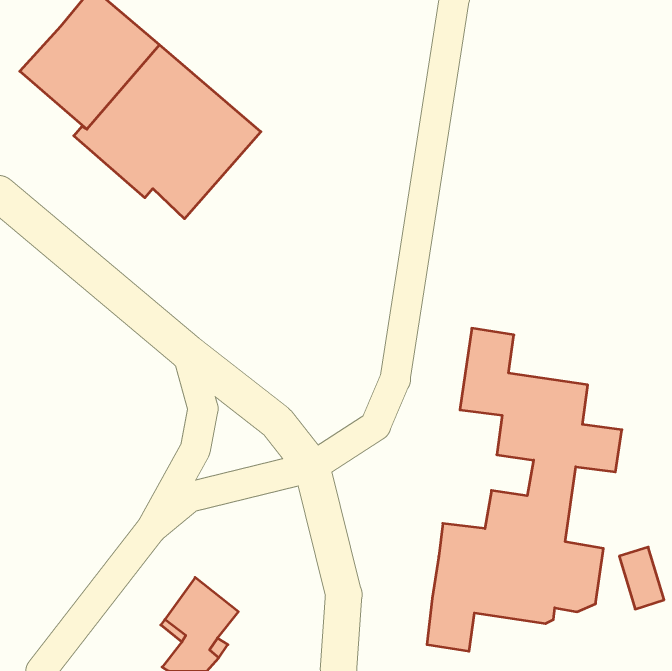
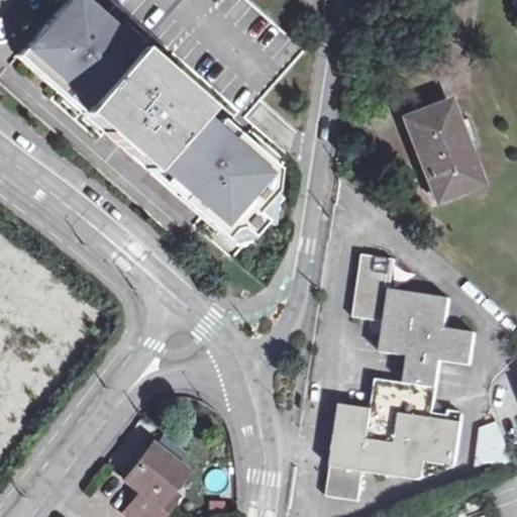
building: none -> [404,100,478,196]
building: none -> [141,101,289,258]

